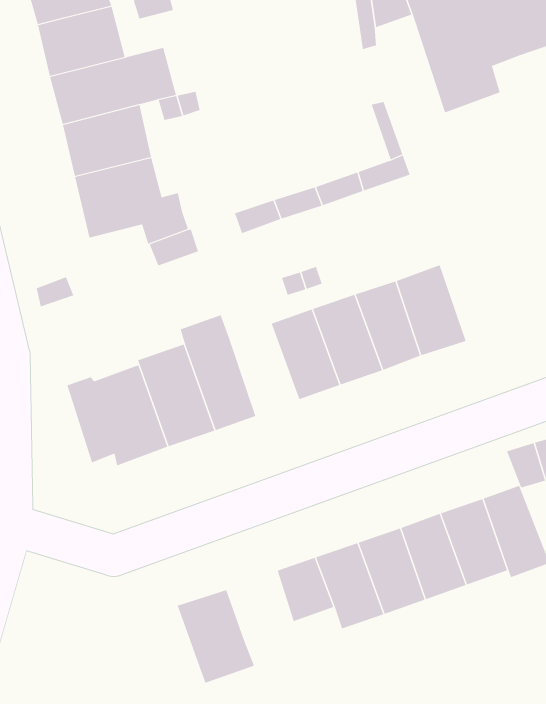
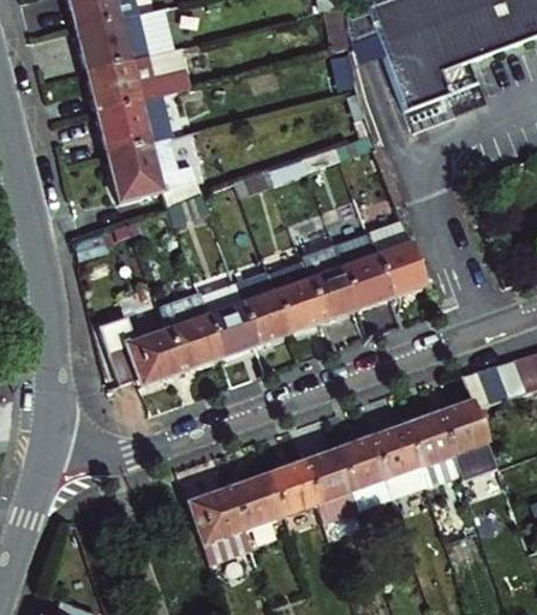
building: none -> [233,270,290,346]
building: none -> [231,472,285,529]

